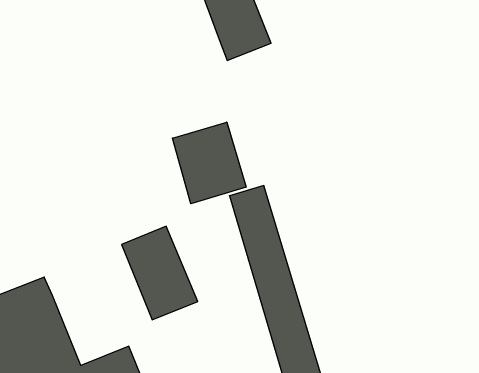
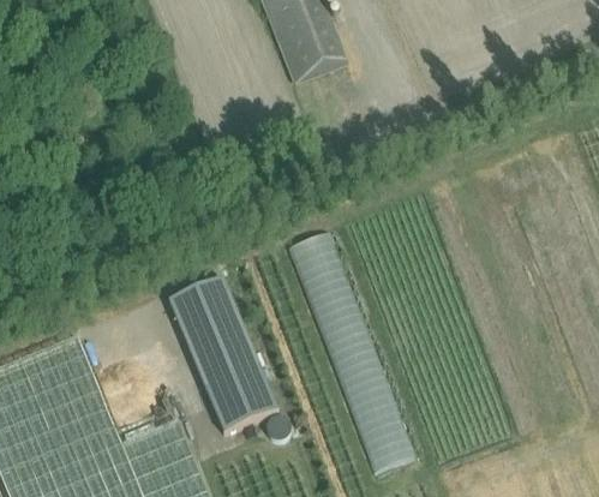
building: [172,122,246,204] -> none
building: none -> [205,369,277,435]

